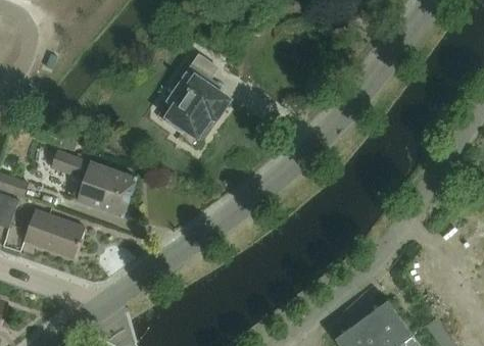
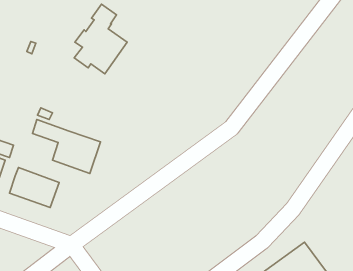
building: [164,54,230,140] -> [74,4,127,74]

